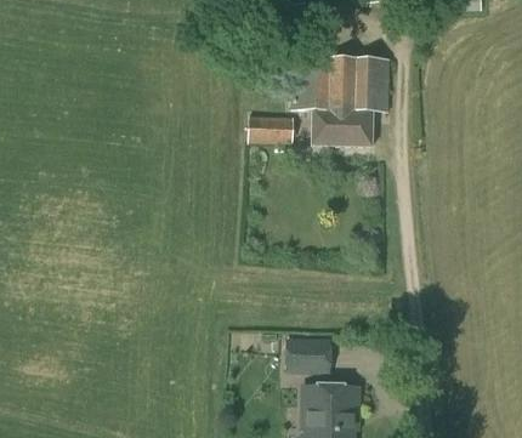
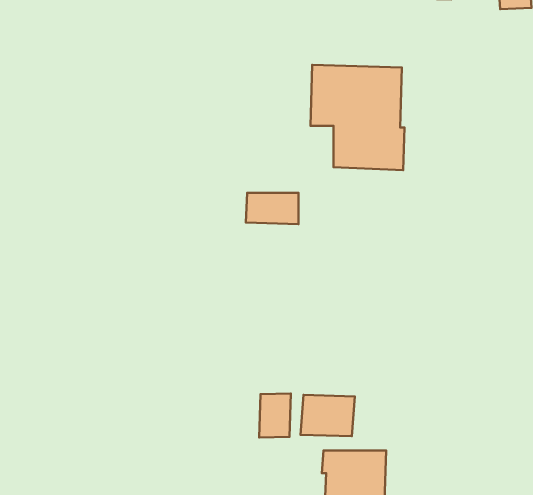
building: [249,116,294,143] -> [246,193,298,224]
building: none -> [259,394,291,437]

